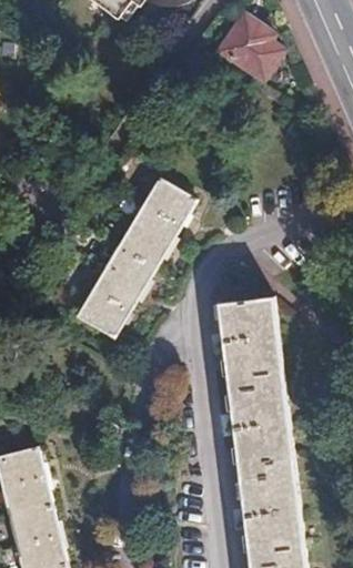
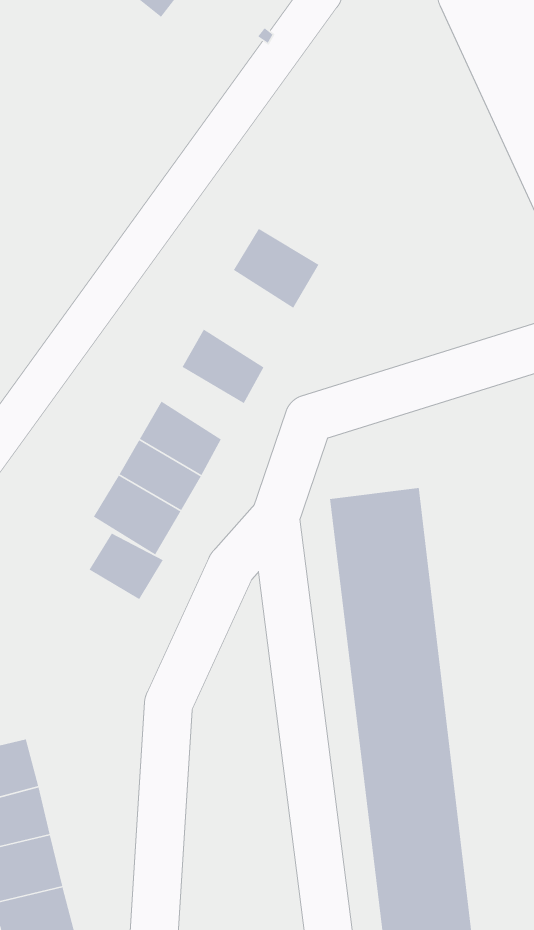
building: [218,11,283,79] -> none
building: [143,175,195,224] -> [233,228,319,309]
building: [118,224,168,267] -> none
building: none -> [88,532,164,600]

